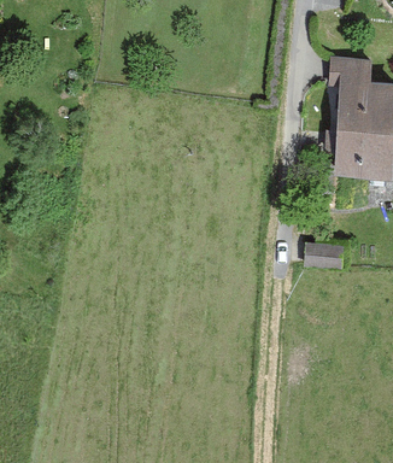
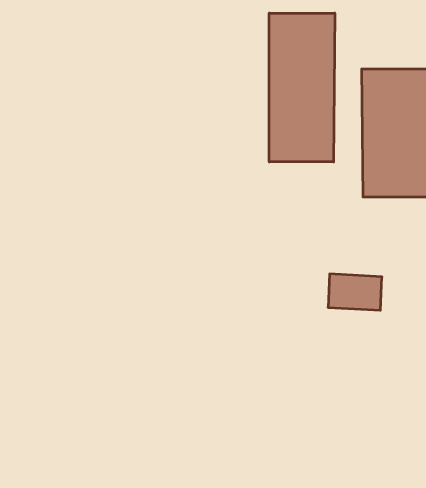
building: none -> [269,13,335,162]

